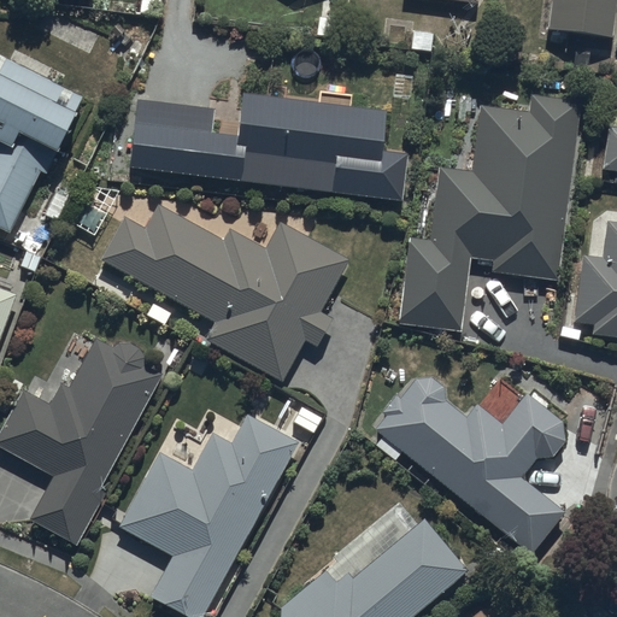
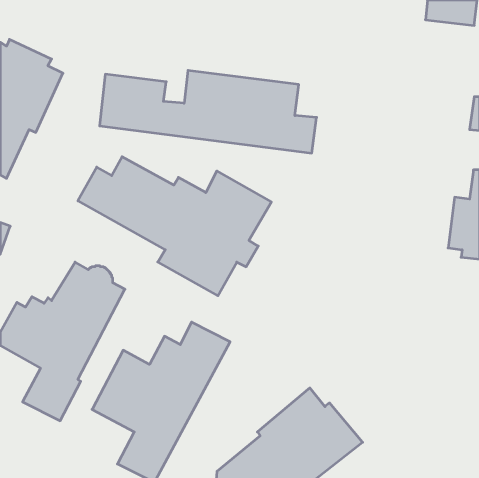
building: [399,93,578,331] -> none
building: [376,377,565,554] -> none

